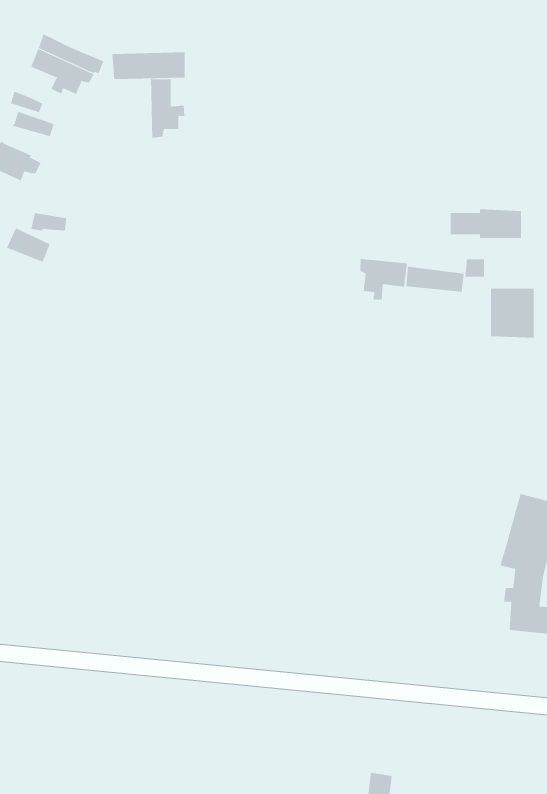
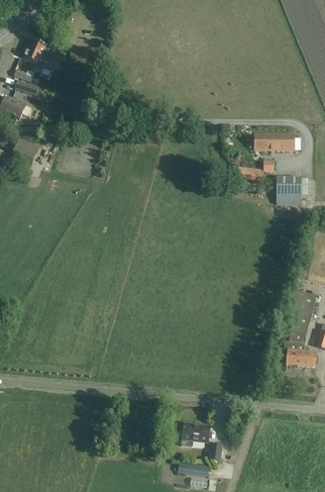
building: [150,79,185,139] -> none
building: [360,258,407,300] -> none
building: none -> [182,422,210,442]

